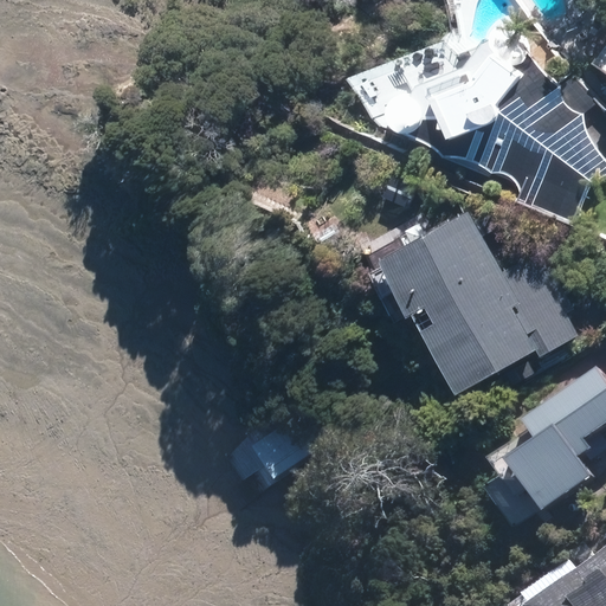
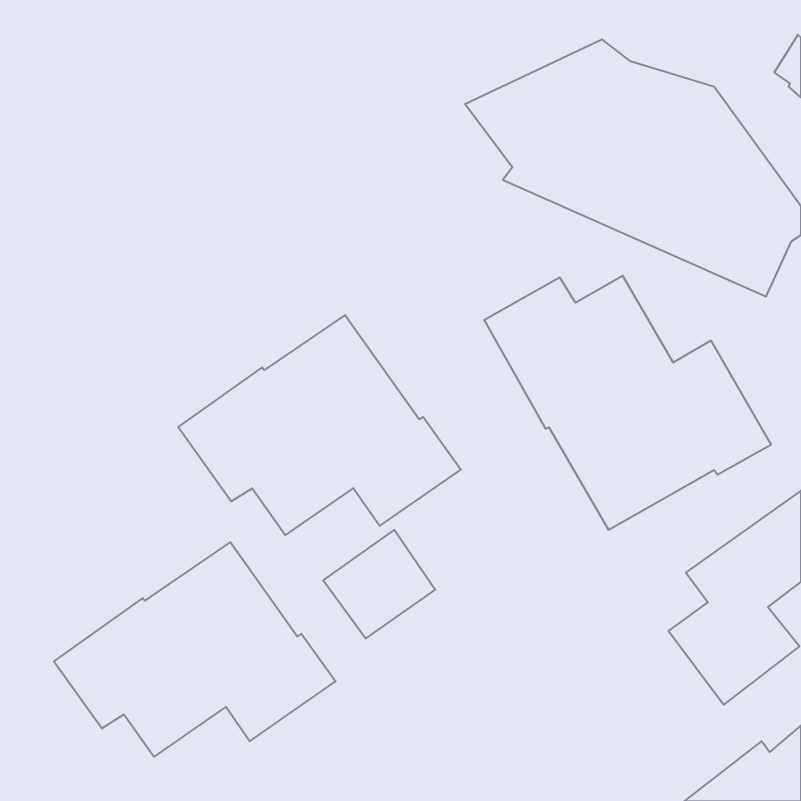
building: none -> [178,315,461,535]
building: none -> [54,542,336,757]

